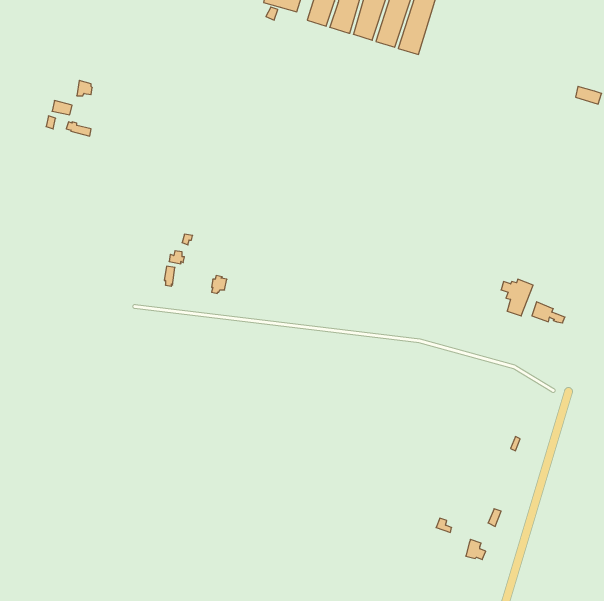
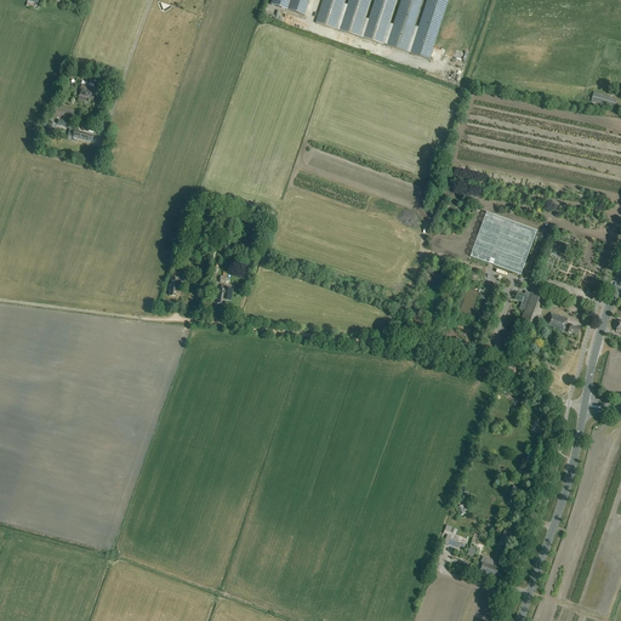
building: none -> [469,210,537,273]

